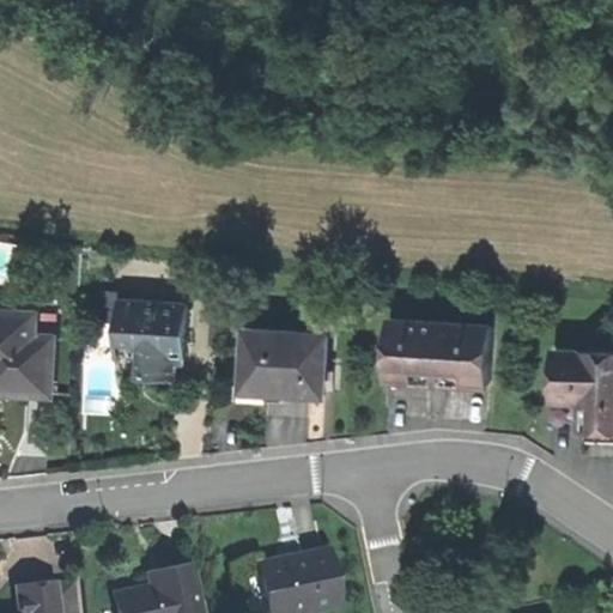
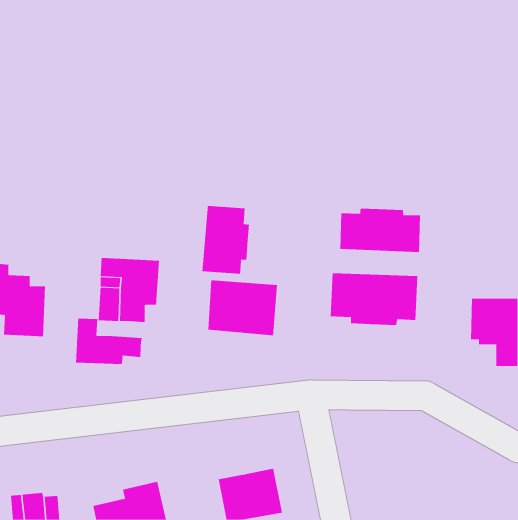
building: none -> [202,205,249,275]
building: none -> [340,208,421,253]
building: none -> [76,318,142,365]

